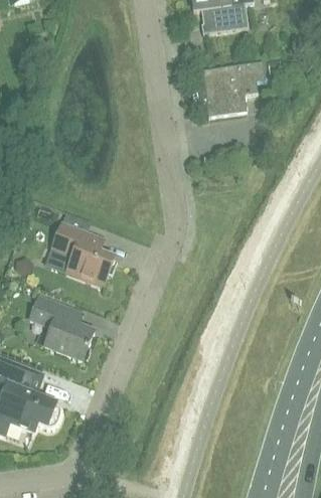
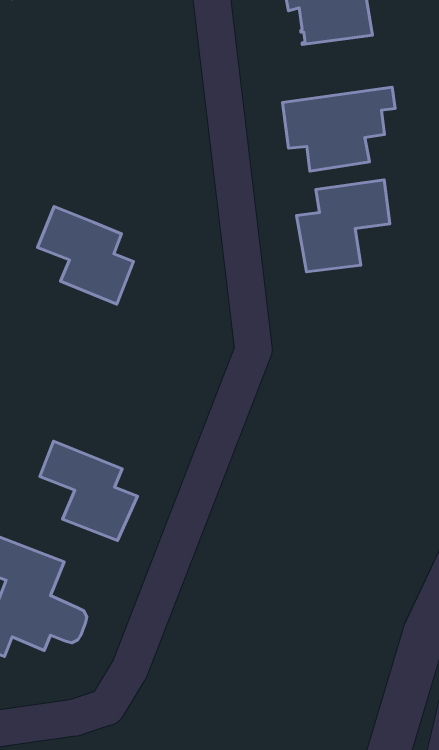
building: none -> [297,180,390,272]
building: [49,221,113,286] -> [37,206,134,304]

